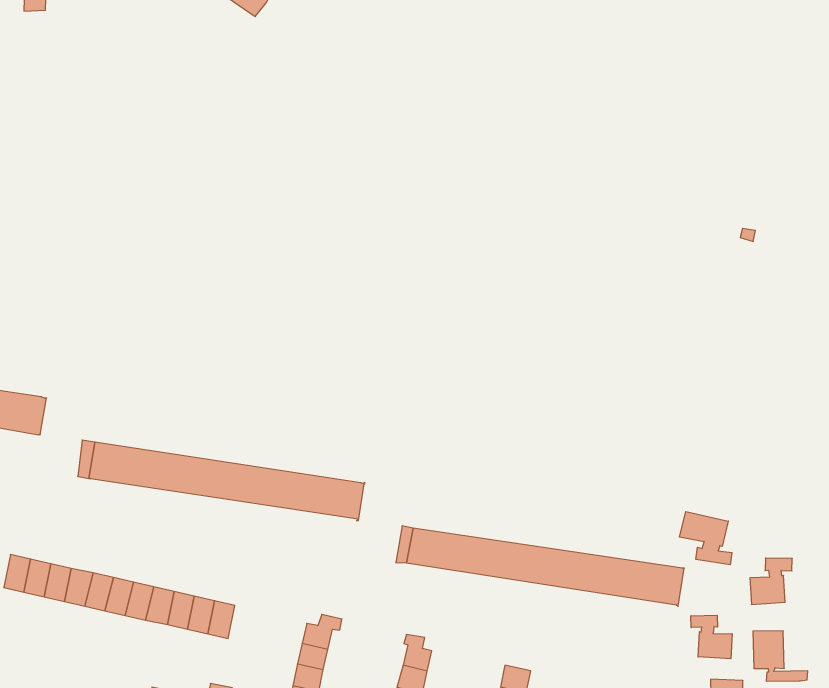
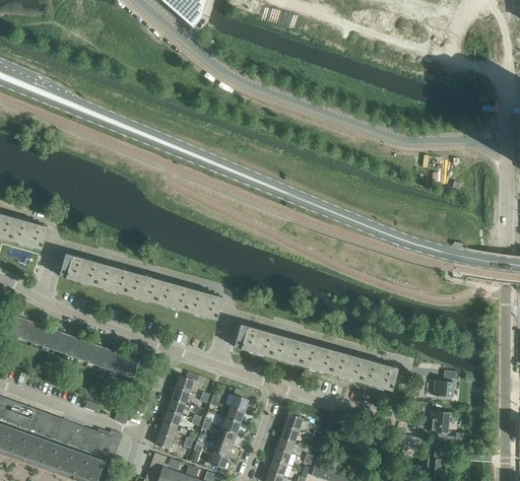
building: [679,512,732,565] -> none
building: [691,615,732,659] -> none

